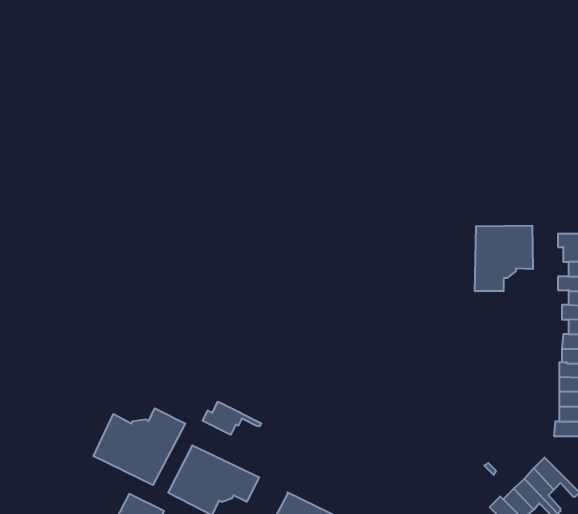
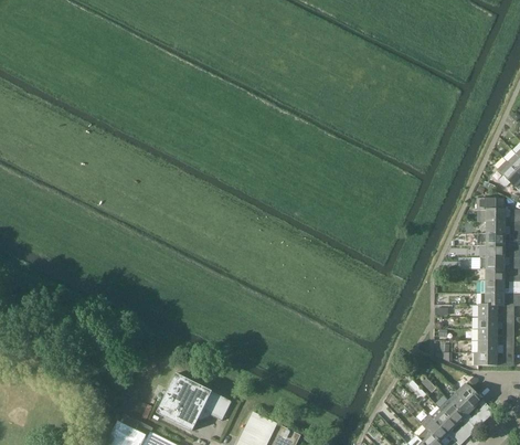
building: [475,226,533,291] -> none
building: [203,402,261,435] -> none
building: [93,408,185,485] -> none

